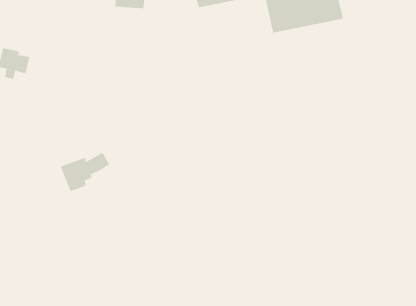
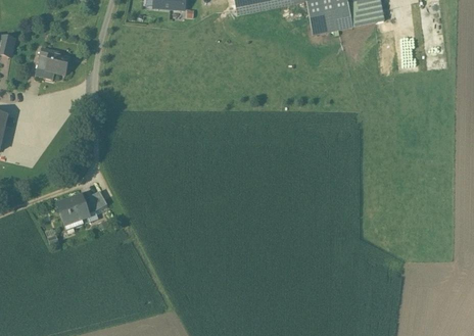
building: [60,152,110,192] -> [56,191,106,231]

